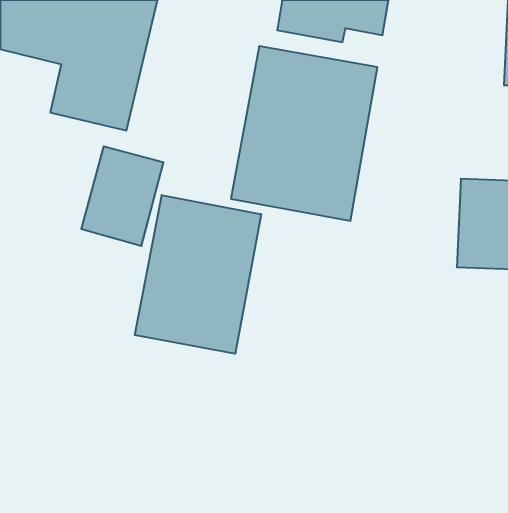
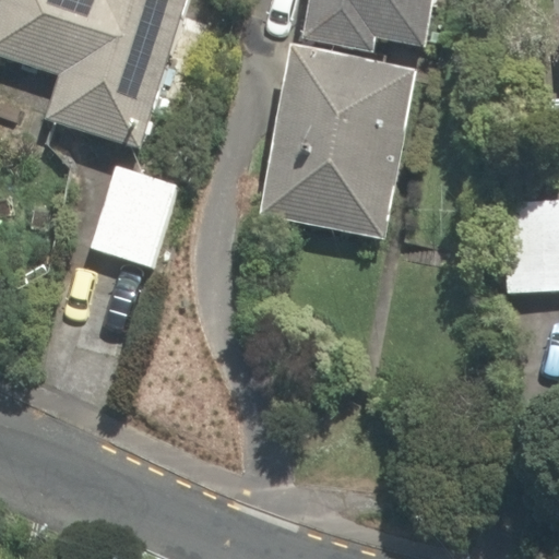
building: [135,195,261,354] -> none

